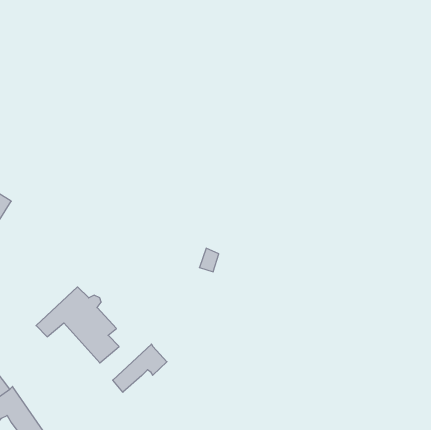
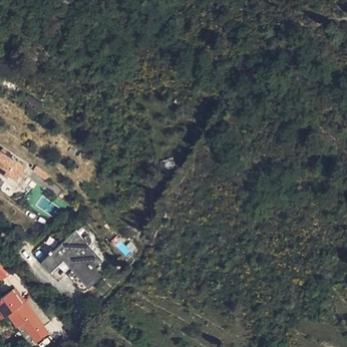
building: [113,344,167,392] -> none

